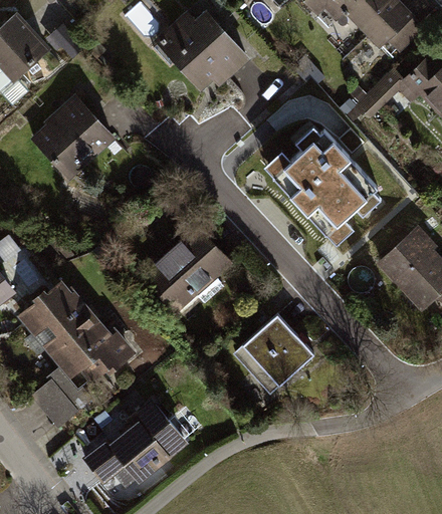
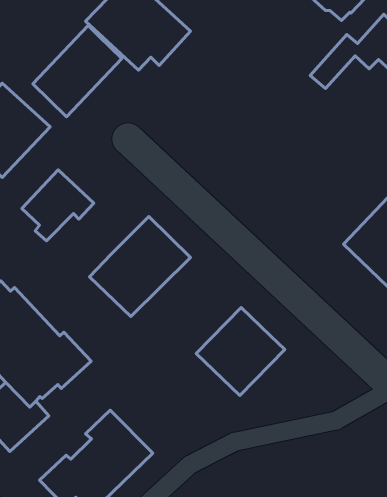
building: none -> [33,25,122,117]
building: [265,124,380,243] -> none
building: none -> [22,170,94,241]

